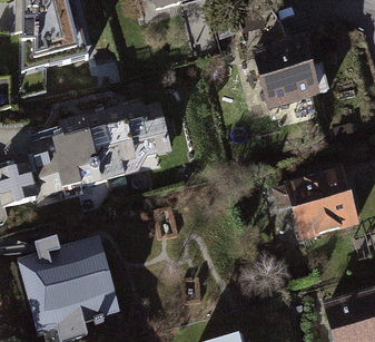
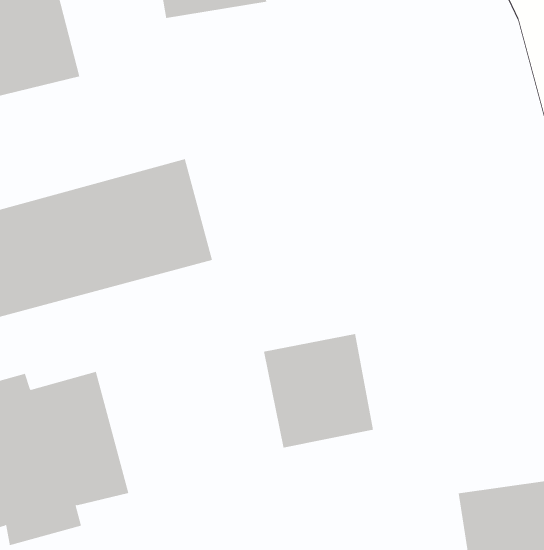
building: [238,45,322,111] -> none
building: [279,173,347,243] -> [263,333,374,448]

